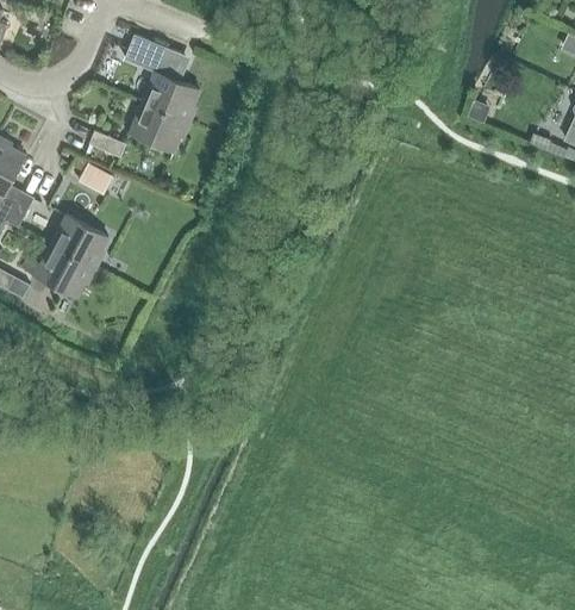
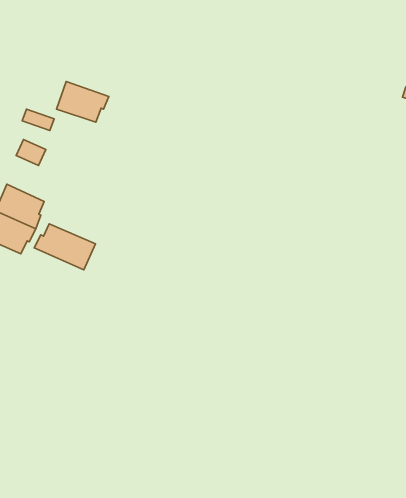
building: [124,33,200,122] -> none
building: none -> [34,224,95,270]

